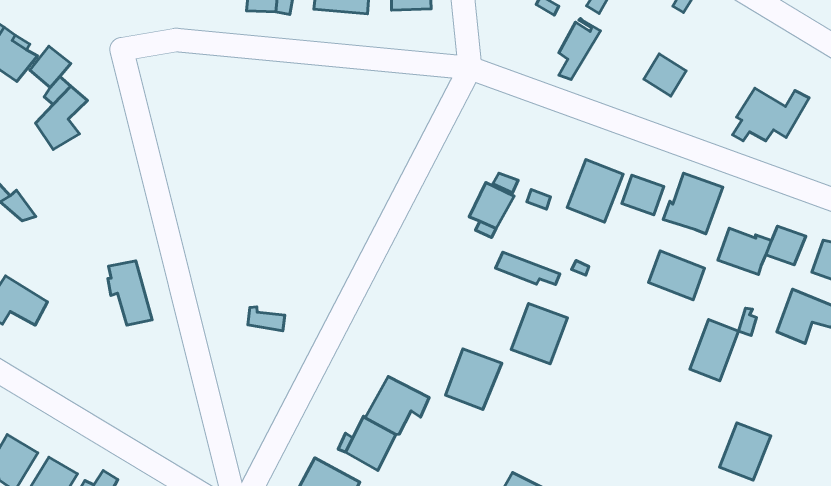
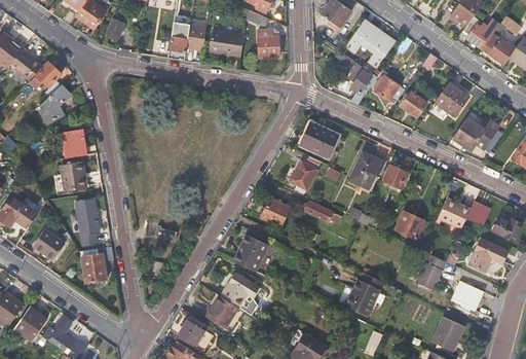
building: none -> [376,76,405,105]
building: none -> [436,82,468,115]
building: none -> [303,122,340,157]
building: none -> [64,128,87,156]
building: [663,173,723,234] -> none
building: none -> [61,160,86,190]
building: none -> [261,200,290,228]
building: [511,303,567,364] -> [343,280,378,317]
building: none -> [34,227,66,258]
building: [445,349,502,410] -> [233,237,268,274]
building: none -> [82,252,107,281]
building: none -> [456,283,482,310]

